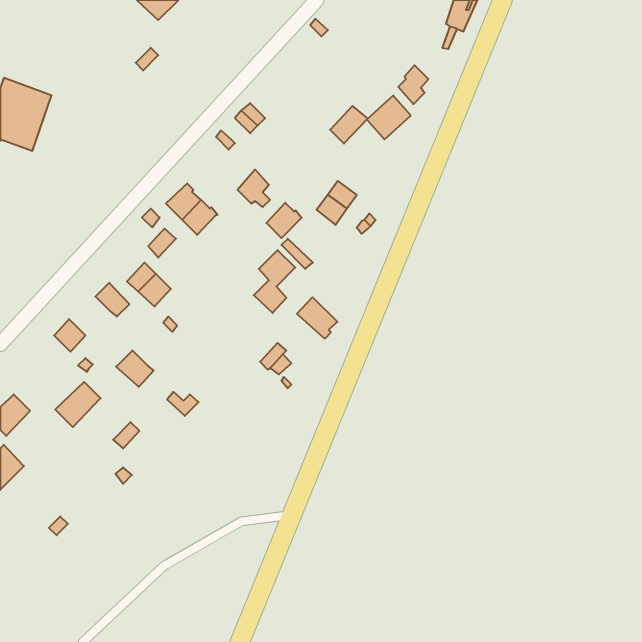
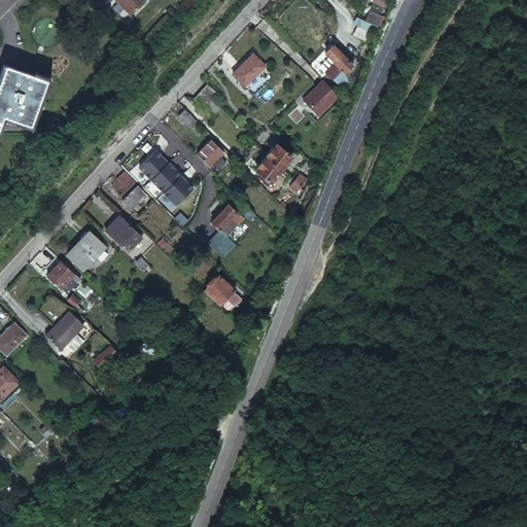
building: [330,106,368,144] -> [232,55,262,85]
building: [266,203,302,238] -> [162,176,190,205]
building: [297,297,337,339] -> none
building: [116,350,154,387] -> [65,243,96,273]

